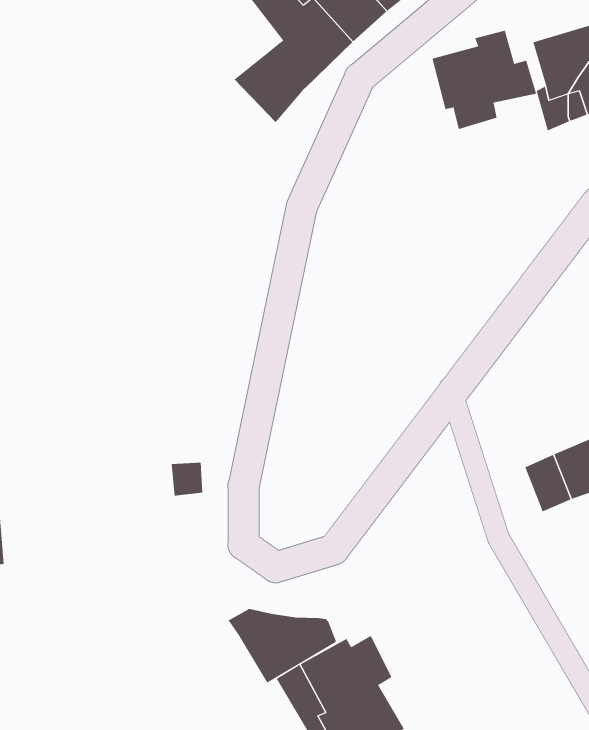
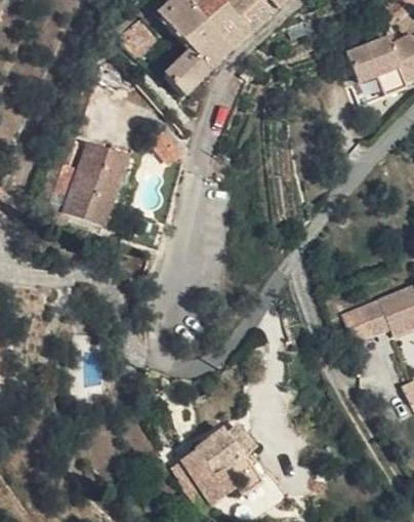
building: [432,30,537,130] -> none
building: none -> [65,135,132,222]
building: [228,608,337,684] -> none

